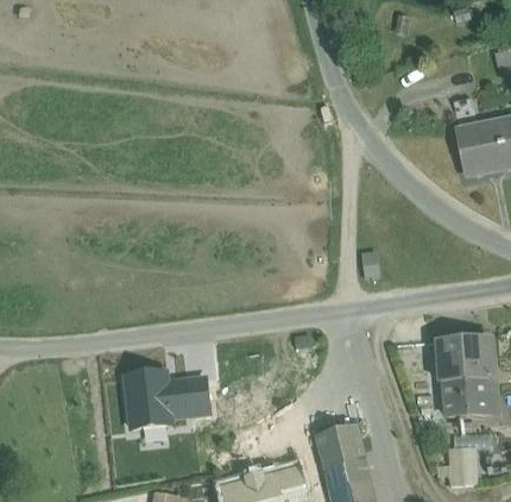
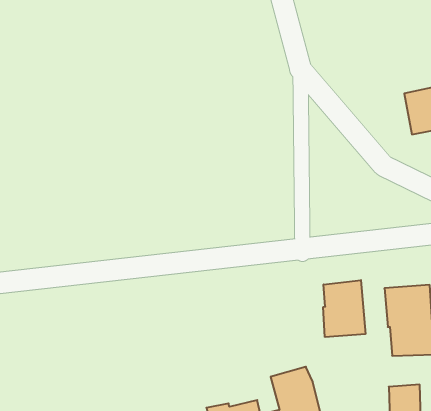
building: none -> [323,280,365,337]
building: [124,372,208,428] -> none

